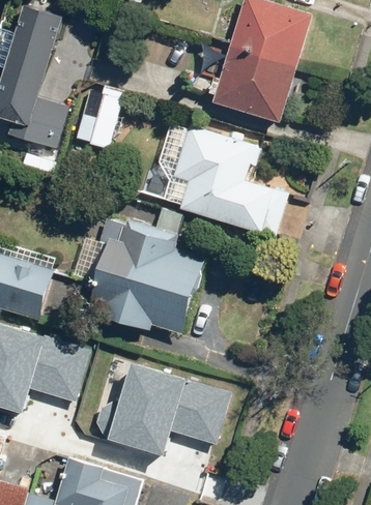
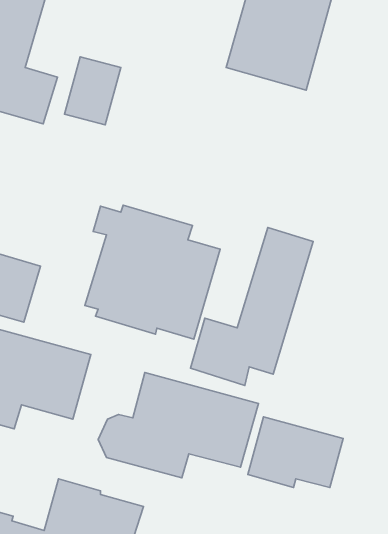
building: [171,126,283,235] -> none
building: none -> [190,227,313,385]
building: none -> [248,417,343,488]

